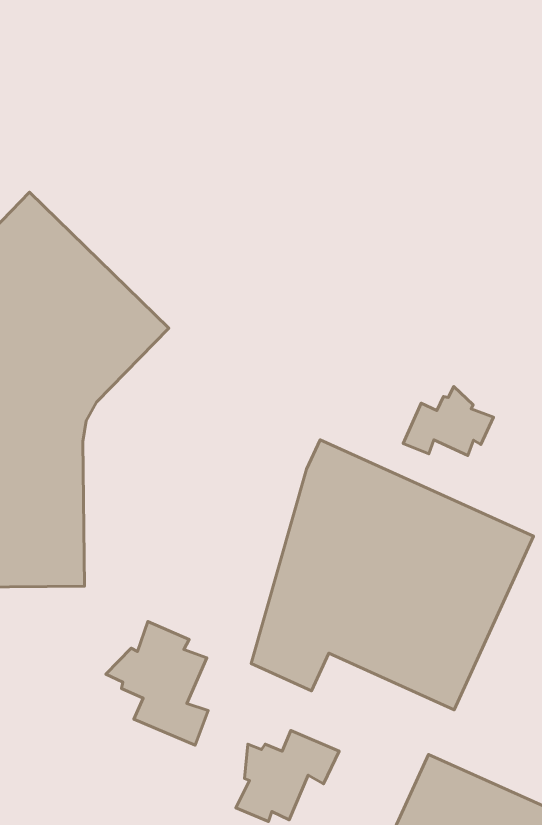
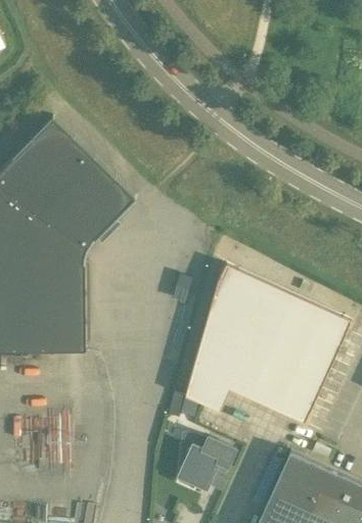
building: [403,387,493,455] -> none
building: [106,622,208,745] -> none

